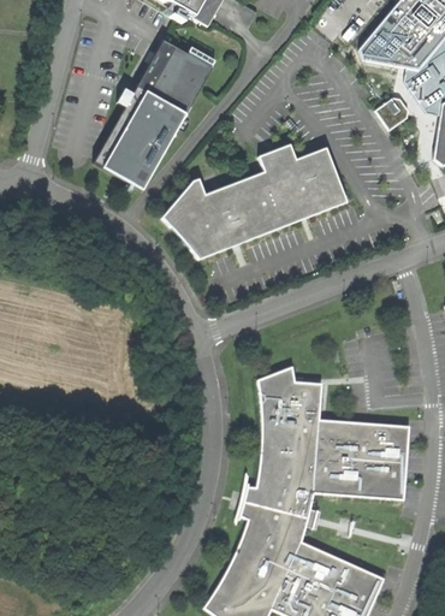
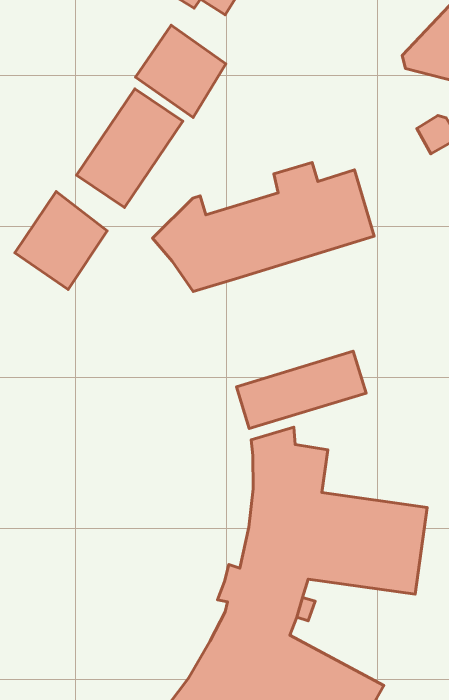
building: none -> [15,191,107,289]
building: none -> [236,351,366,429]

